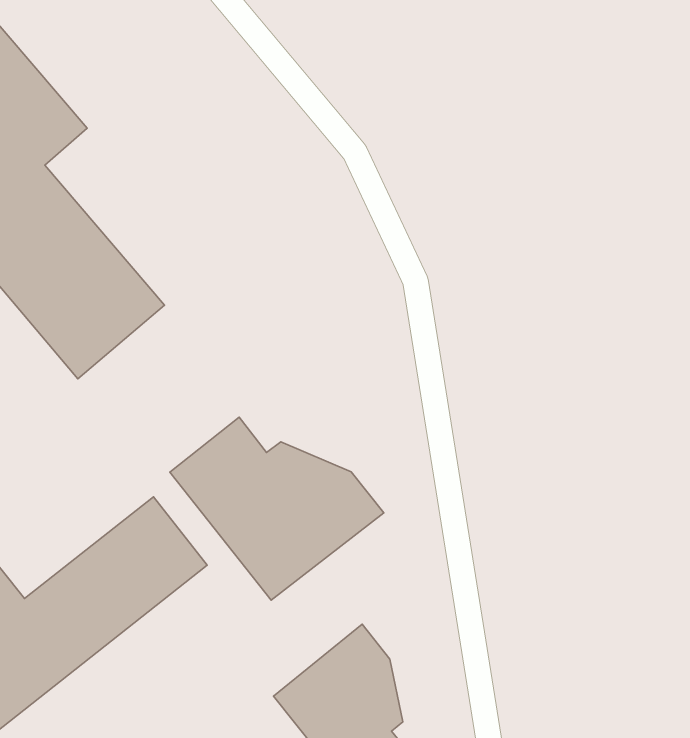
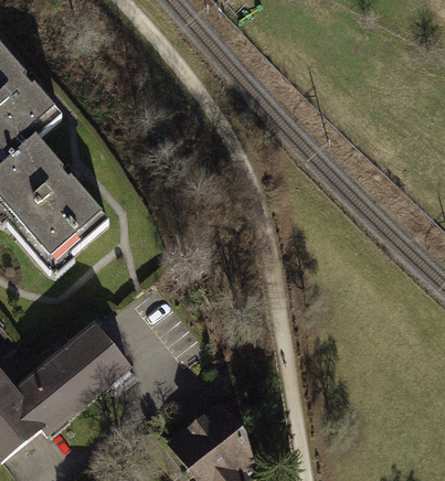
building: [170,417,384,600] -> none

